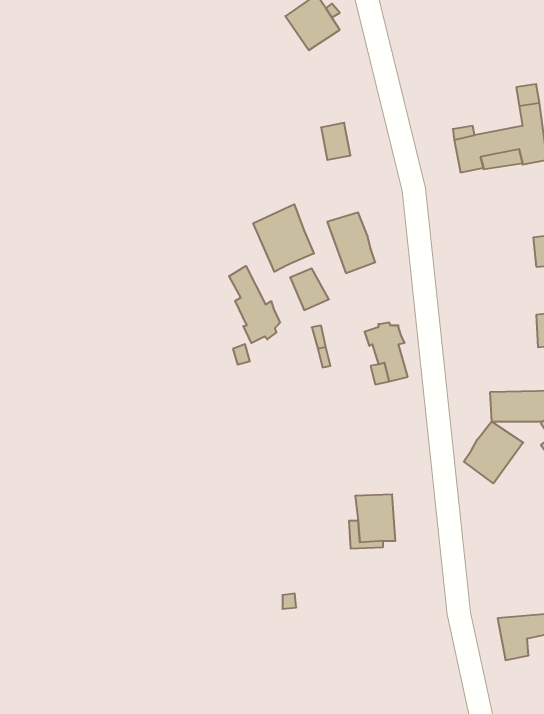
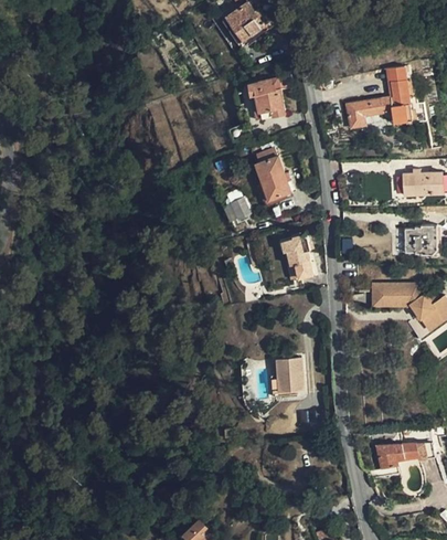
building: none -> [248,77,285,116]
building: [253,204,314,272] -> none
building: [229,266,280,343] -> none
building: [464,422,523,483] -> none

